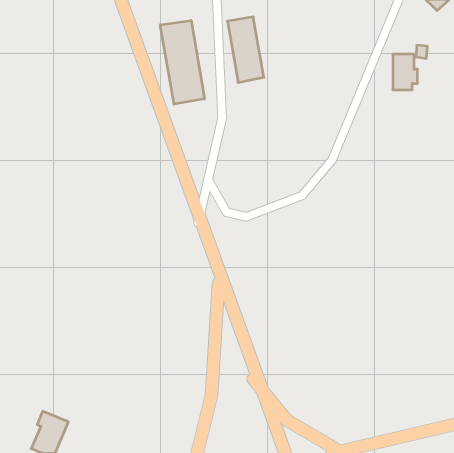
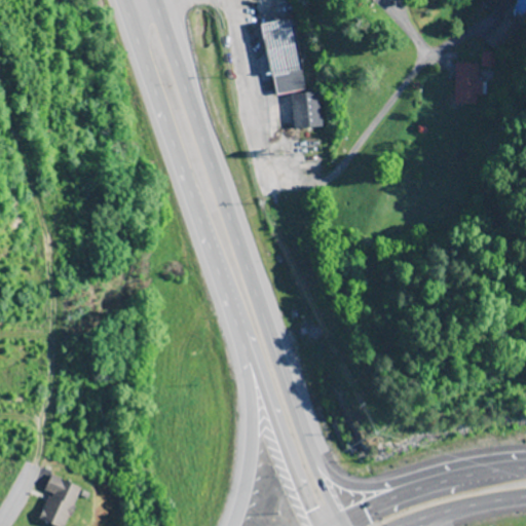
building: [160,20,204,104] -> none
building: none -> [292,91,323,128]

